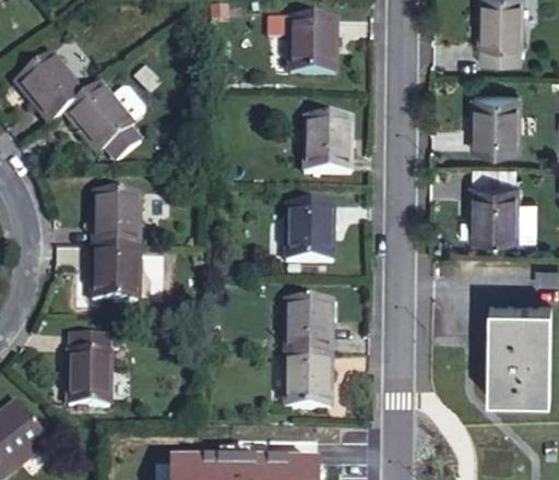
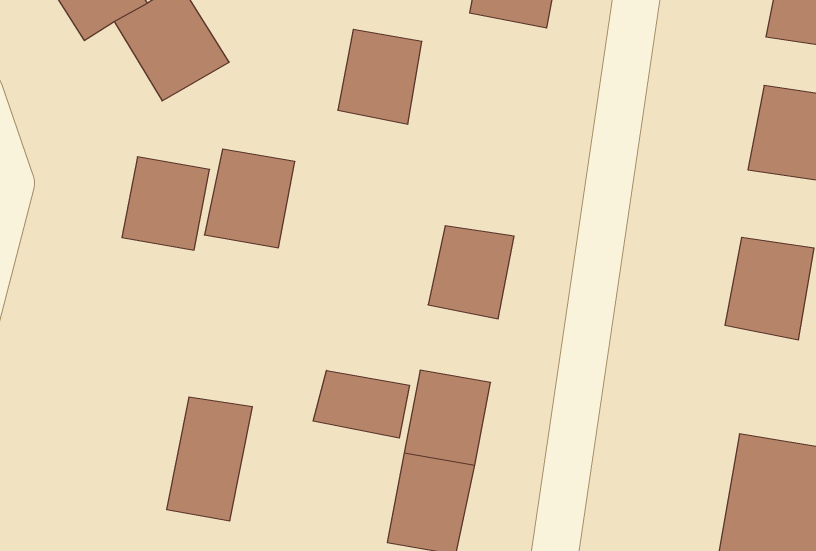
building: [304,120,348,172] -> [338,29,422,124]
building: [93,243,141,298] -> [204,149,295,248]
building: none -> [313,370,409,438]
building: [73,329,116,400] -> [167,397,252,521]

